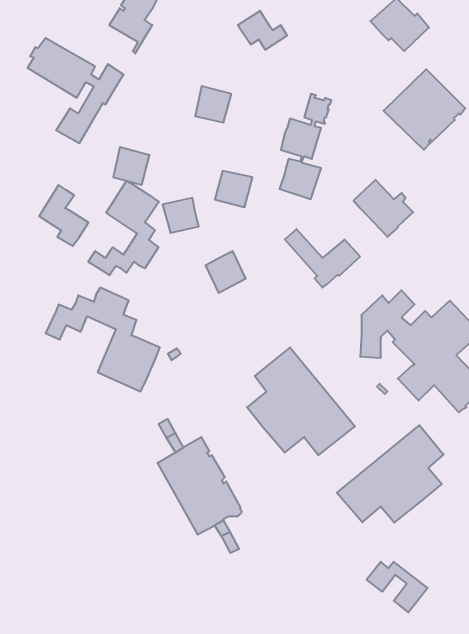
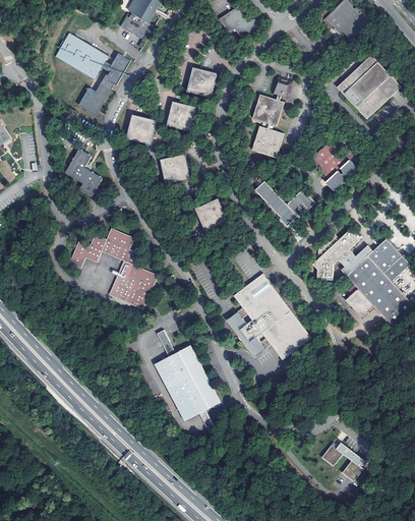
building: [215,171,252,207] -> [165,104,194,132]
building: [88,181,159,275] -> none
building: [337,425,444,523] -> none

